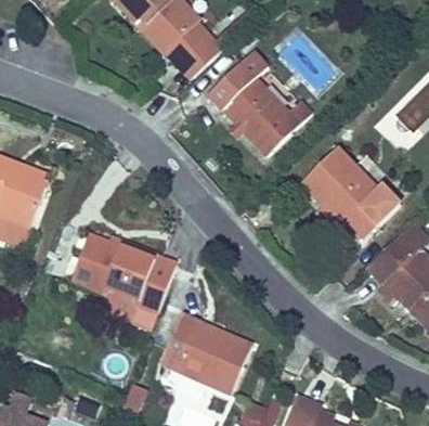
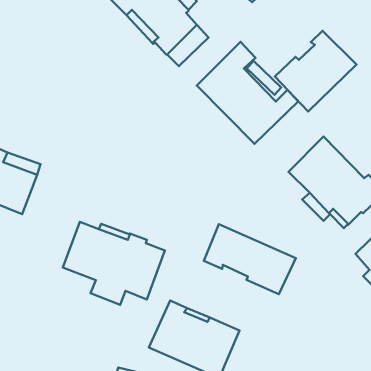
building: none -> [275,31,356,112]
building: none -> [204,224,296,294]

